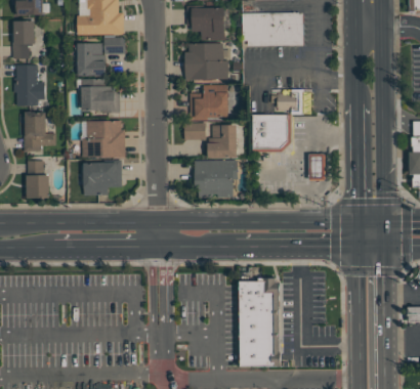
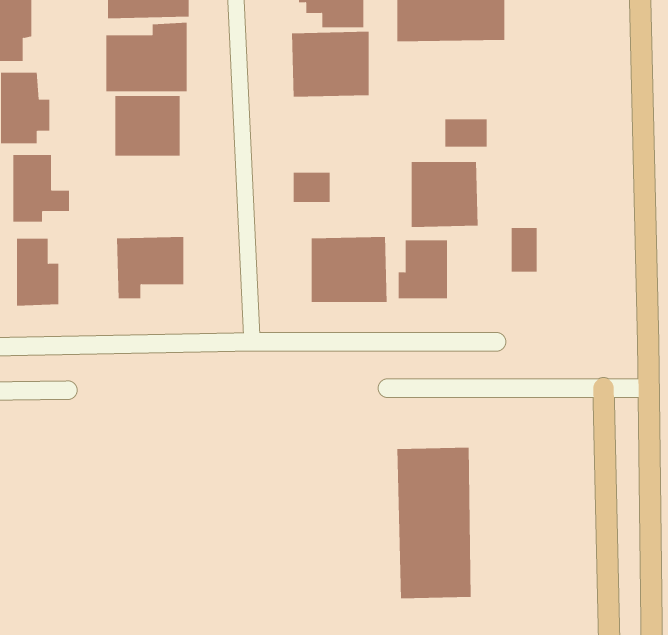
building: [187,85,228,121] -> none
building: [81,121,124,158] -> none
building: [207,125,236,159] -> [398,240,448,299]

